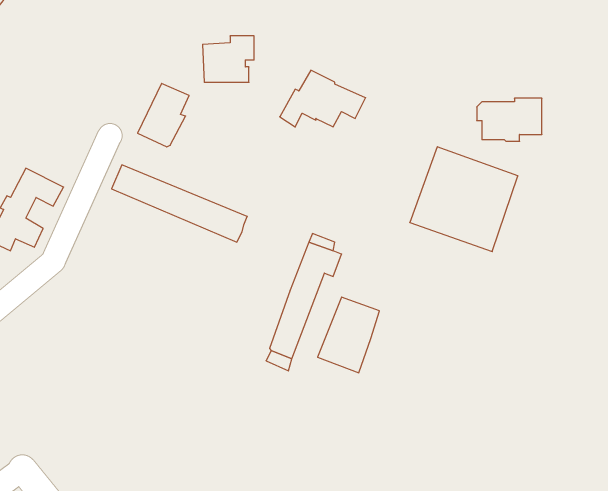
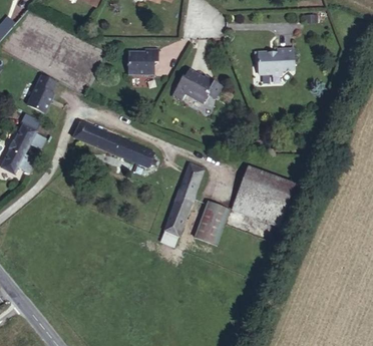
building: [138,83,189,147] -> [26,78,56,115]
building: [477,98,542,141] -> [257,48,295,73]
building: [410,147,518,252] -> [232,165,295,227]

